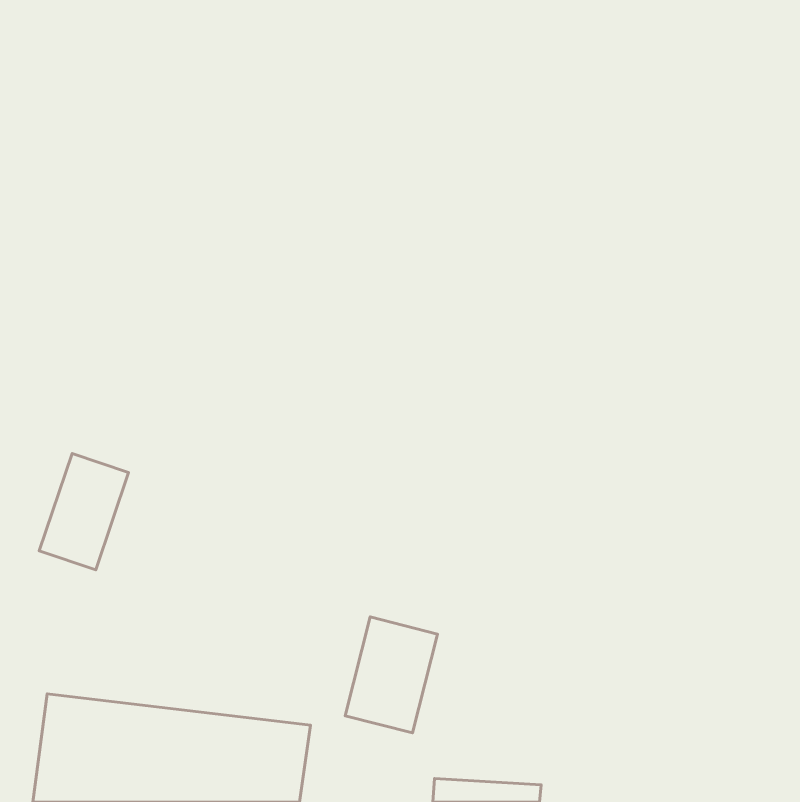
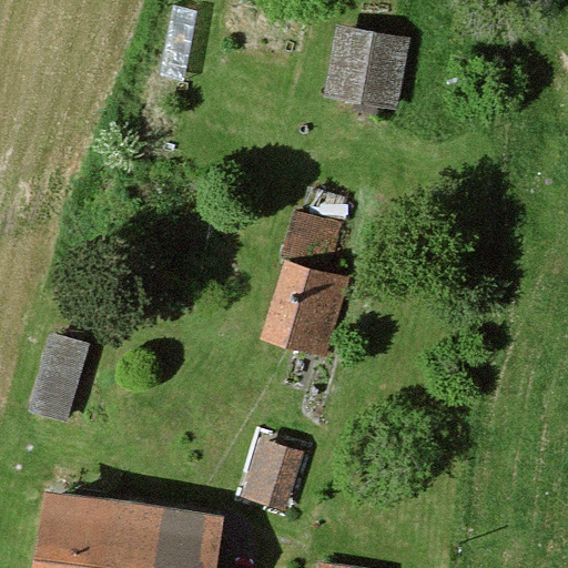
building: none -> [324,27,414,114]
building: none -> [260,260,351,364]

